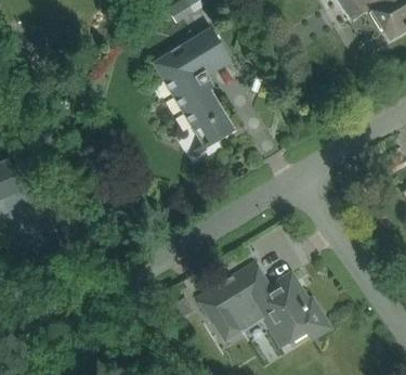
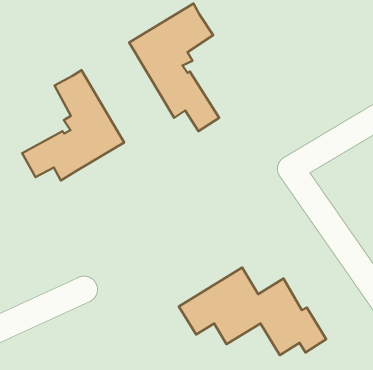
building: none -> [22,70,124,180]

